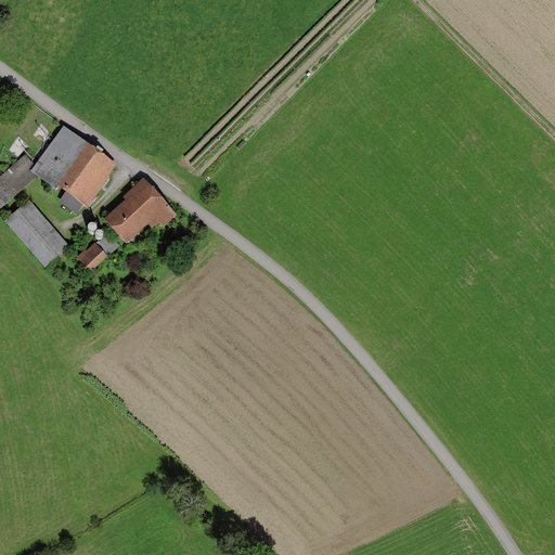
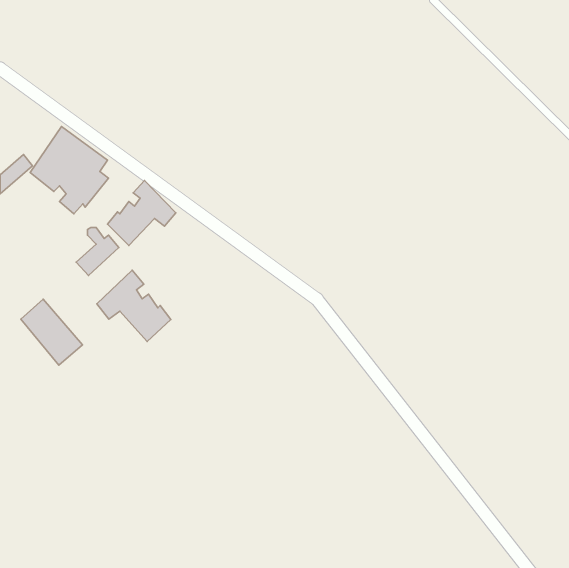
building: [8,201,67,264] -> [21,299,83,365]
building: none -> [97,270,171,342]

